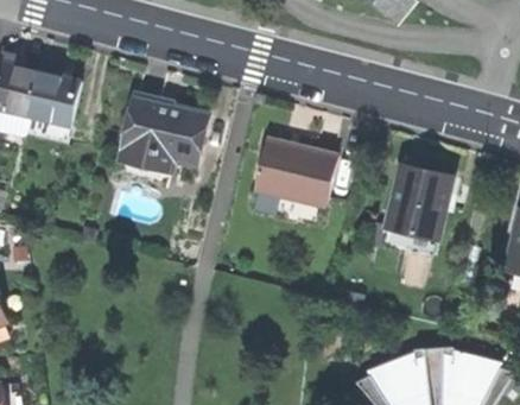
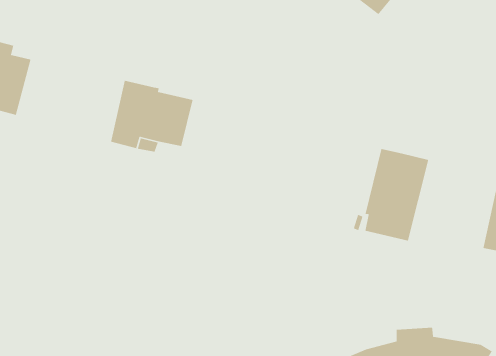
building: [26,71,82,140] -> none
building: [255,137,338,204] -> none

